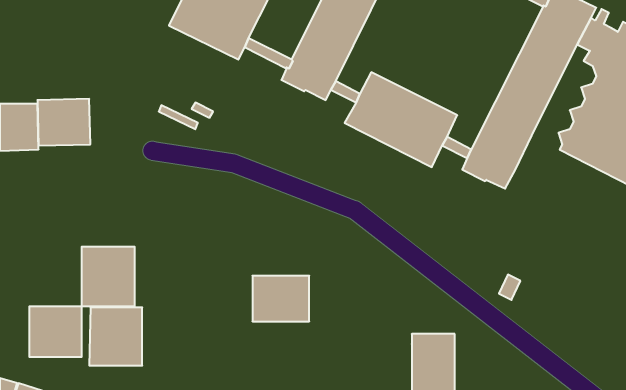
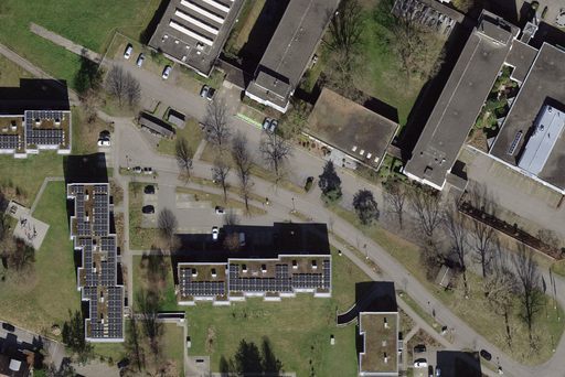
building: none -> [62,184,108,236]
building: none -> [270,257,319,297]
building: none -> [172,263,221,303]
building: [29,306,82,357] -> none

